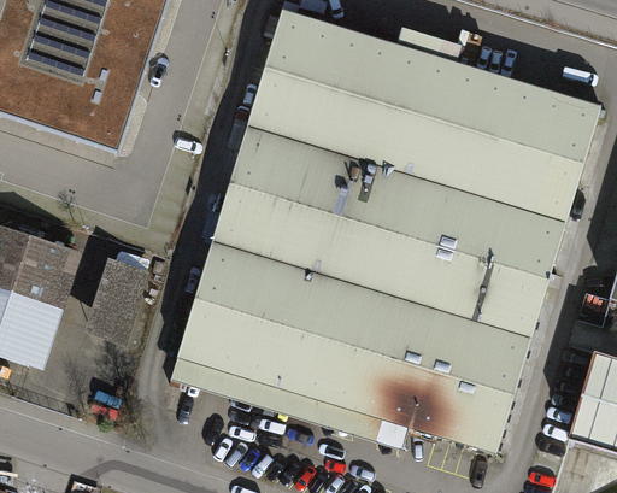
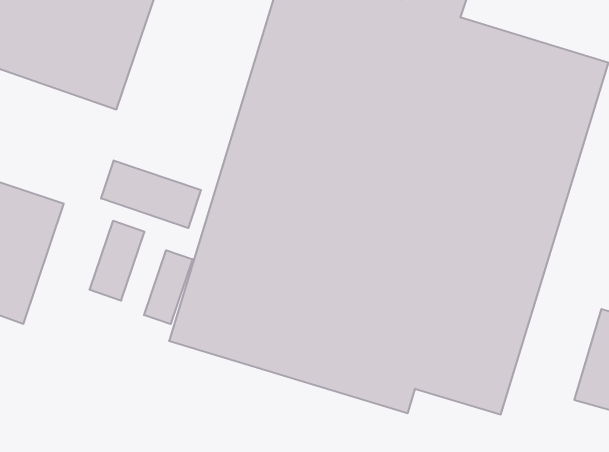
building: none -> [101,160,201,228]
building: none -> [144,250,193,324]

